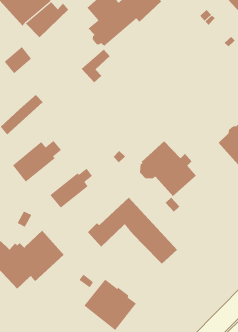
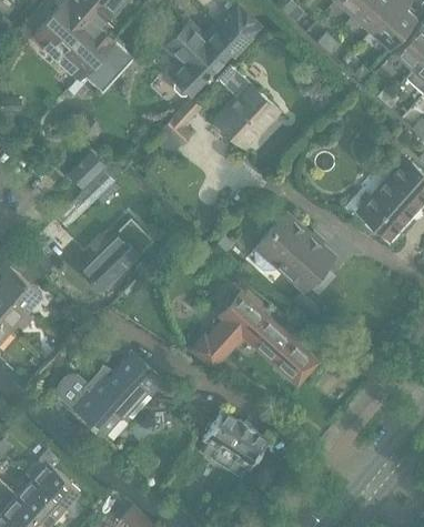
building: none -> [213,65,277,146]
building: [4,46,32,74] -> [68,151,105,190]
building: [50,168,93,208] -> none

